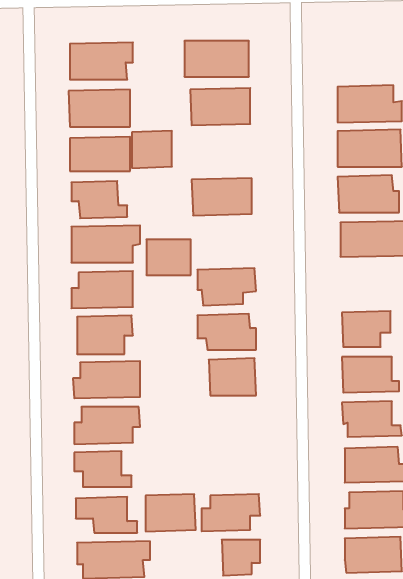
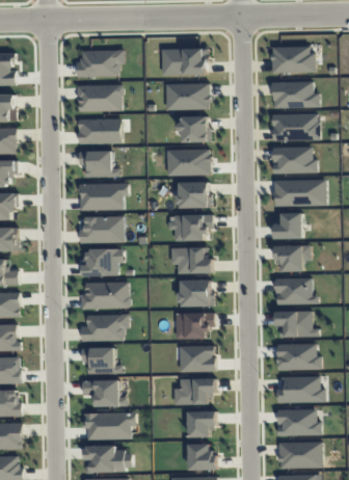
building: none -> [271,47,314,73]
building: [132,131,172,168] -> [180,115,209,142]
building: [146,239,191,275] -> [178,182,210,208]
building: none -> [274,213,302,239]
building: none -> [174,313,214,339]
building: [146,494,196,531] -> [179,345,215,372]

